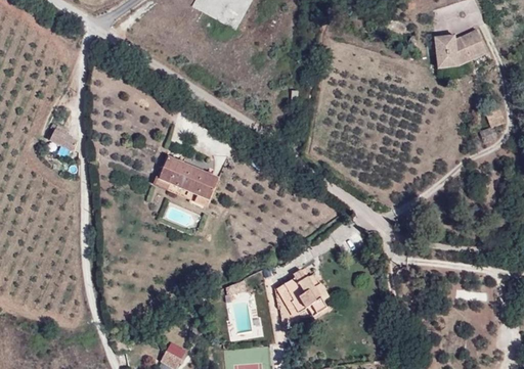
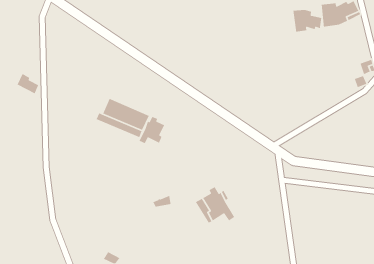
building: none -> [292,9,322,32]
building: none -> [139,116,165,144]

